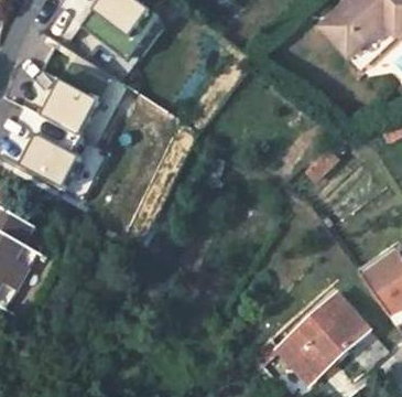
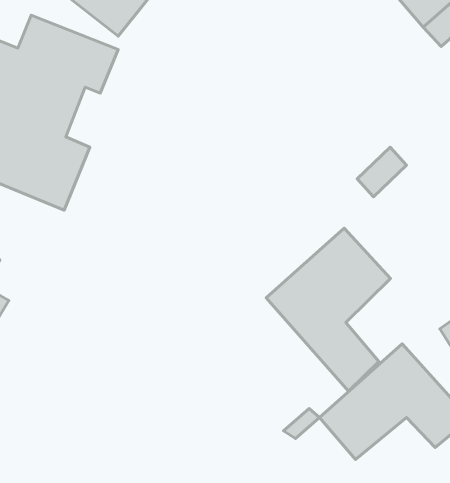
building: none -> [266,228,390,391]

